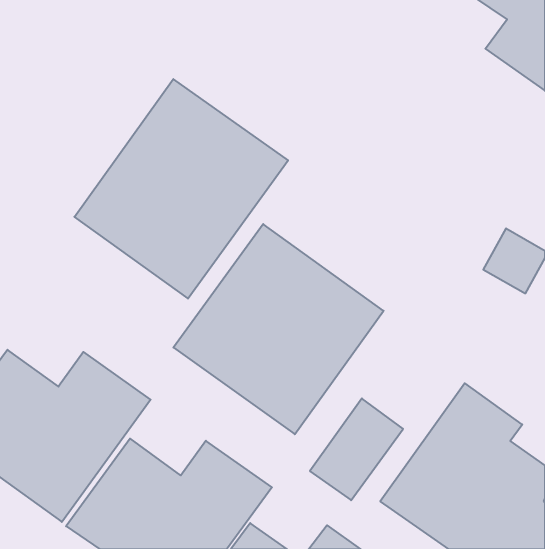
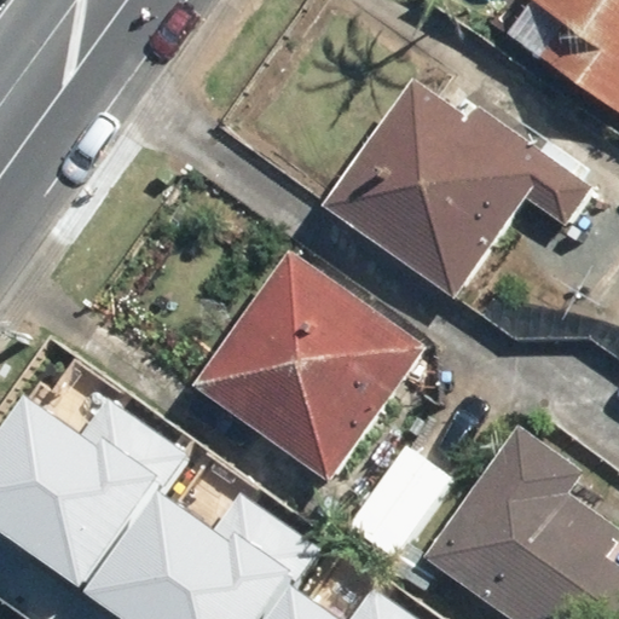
building: none -> [328,85,592,299]
building: [74,79,288,299] -> none

